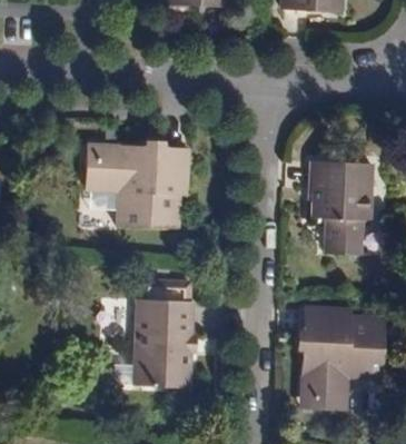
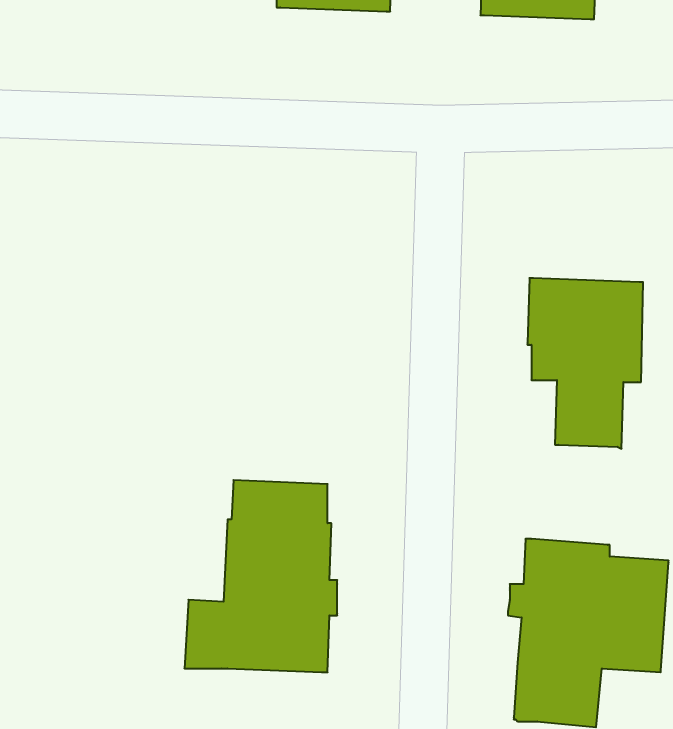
building: [85,140,190,229] -> none

